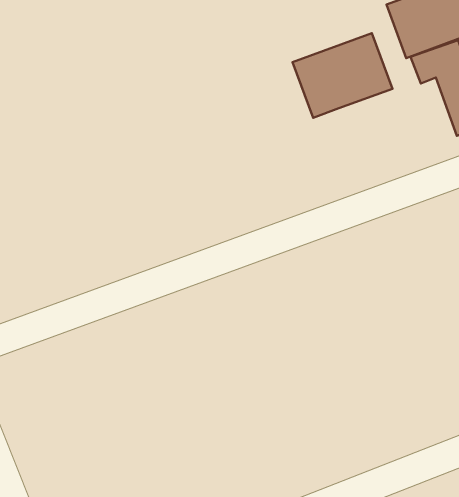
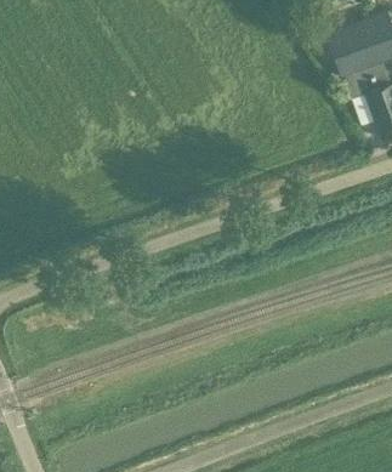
building: [293,33,393,118] -> none

